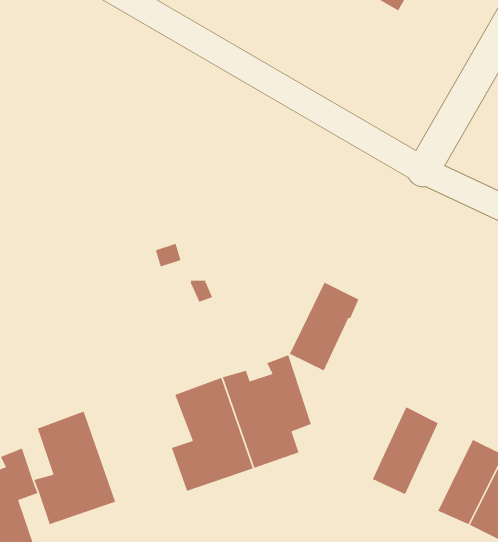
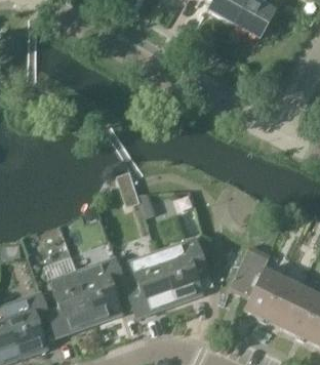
building: [289,282,360,372] -> [228,246,269,298]
building: none -> [76,256,124,323]
building: none -> [263,277,302,328]

